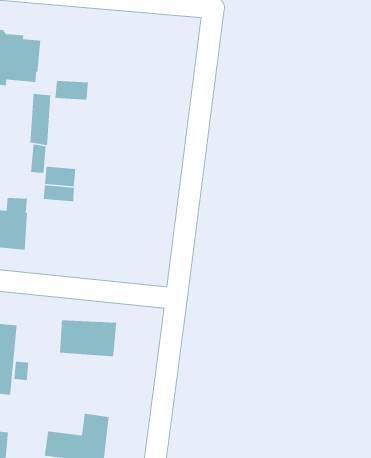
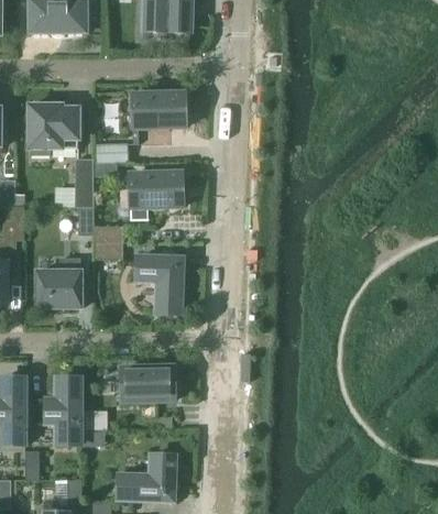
building: none -> [132,94,185,128]
building: none -> [130,173,183,219]
building: none -> [135,256,183,314]

